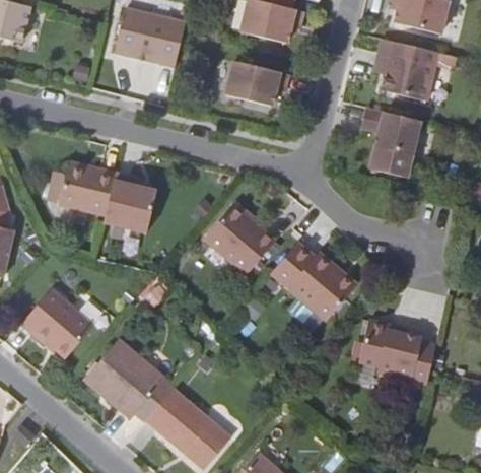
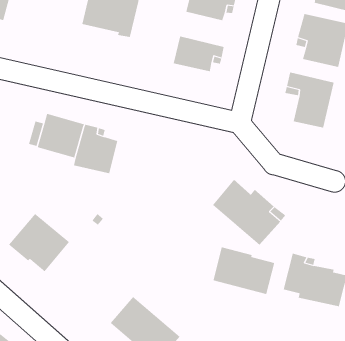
building: [203,205,276,275] -> none
building: none -> [213,246,275,295]
building: [88,336,175,416] -> none

